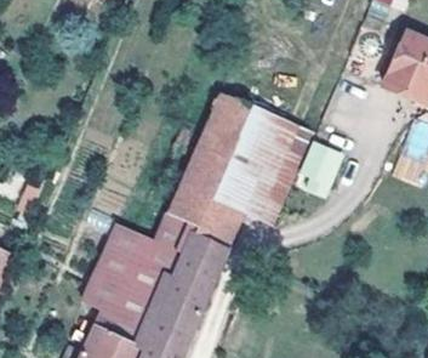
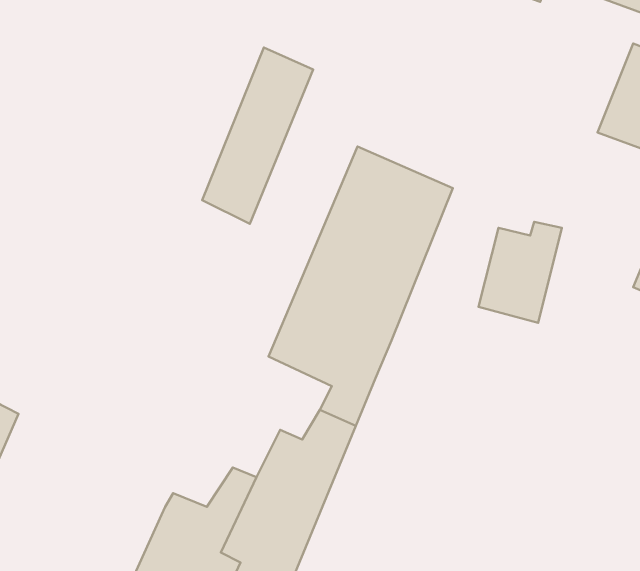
building: [246,118,314,226] -> [202,48,313,224]
building: [89,221,210,313] -> none

